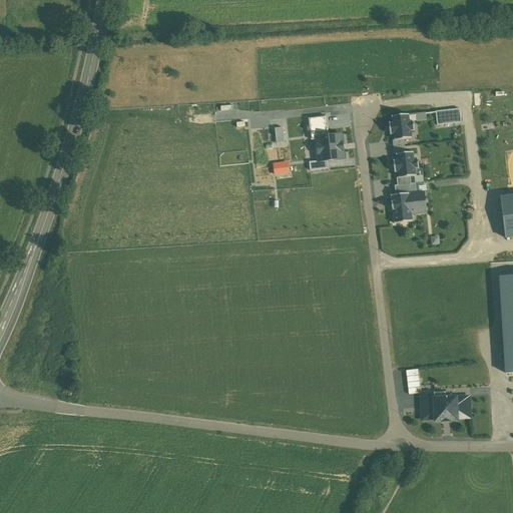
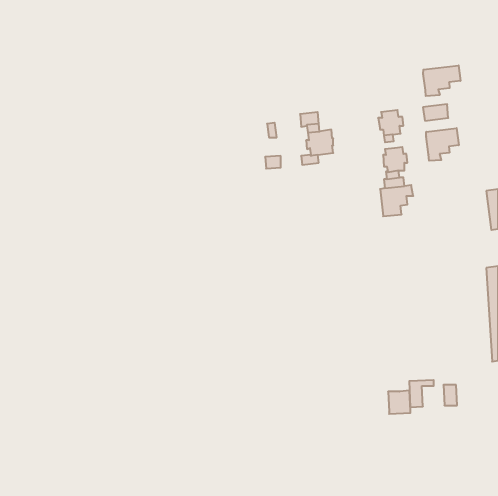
building: none -> [423,65,460,96]
building: none -> [426,128,459,161]
building: [434,396,457,420] -> [388,391,410,414]

